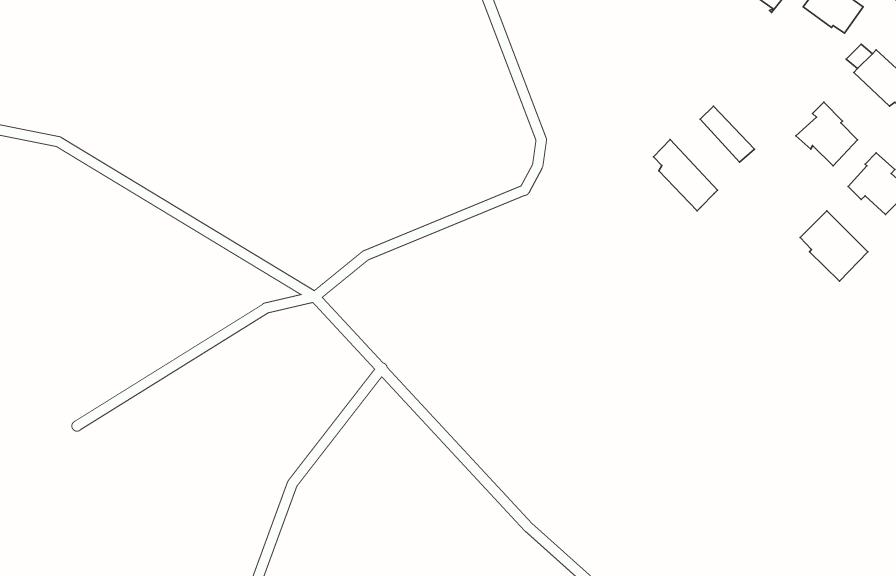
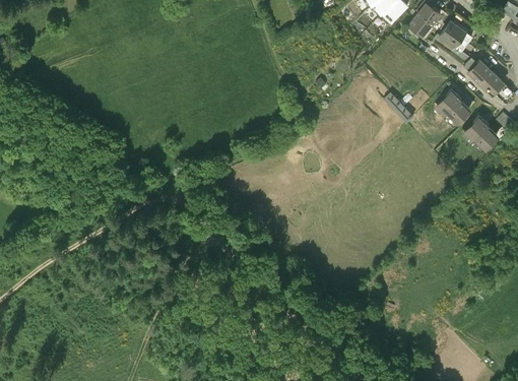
building: [653,140,717,211] -> none
building: [800,211,868,281] -> none

